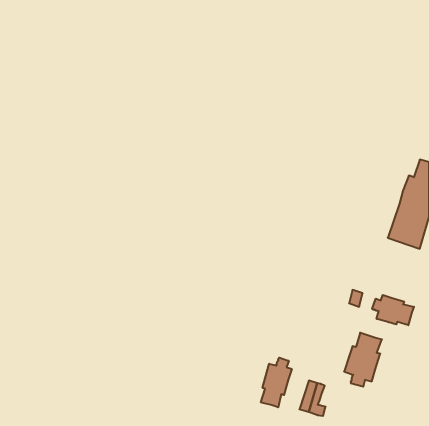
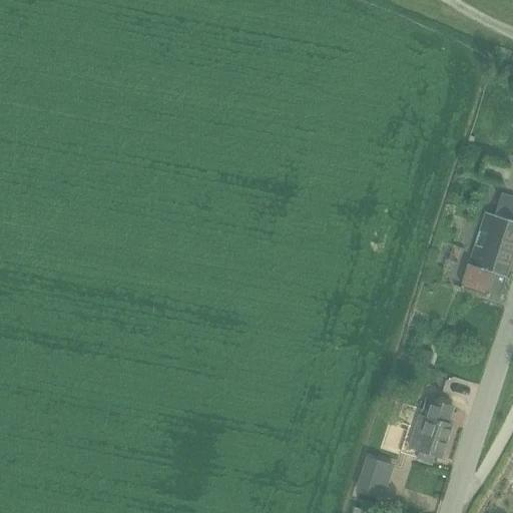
building: [372,295,414,325] -> none
building: [261,358,292,407] -> none

